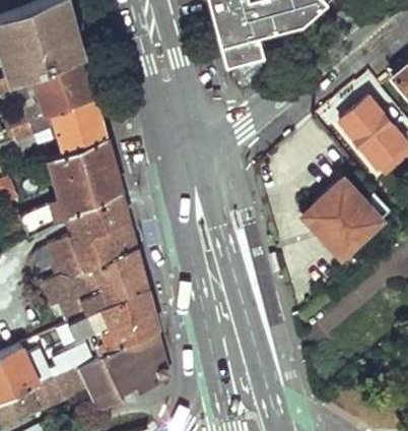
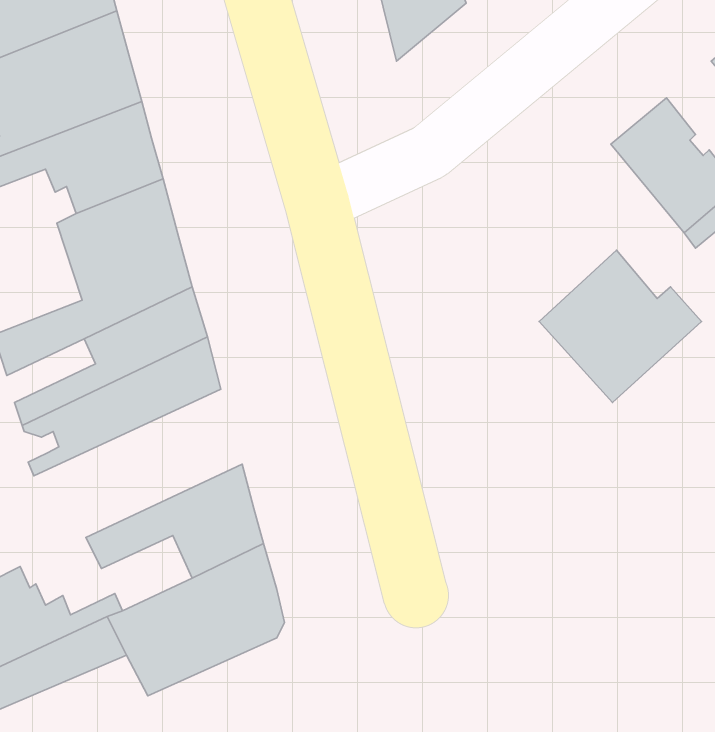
building: [37,248,146,326] -> none

